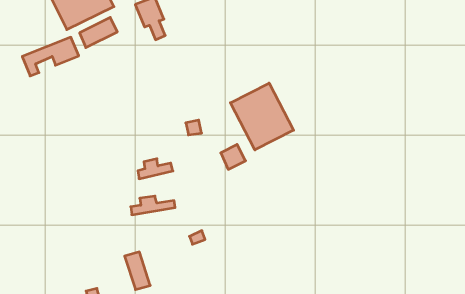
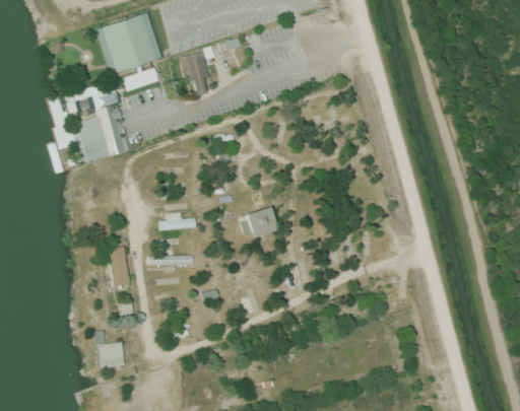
building: none -> [73,105,125,162]
building: [230,83,294,150] -> none
building: [125,252,150,290] -> [107,248,128,284]

